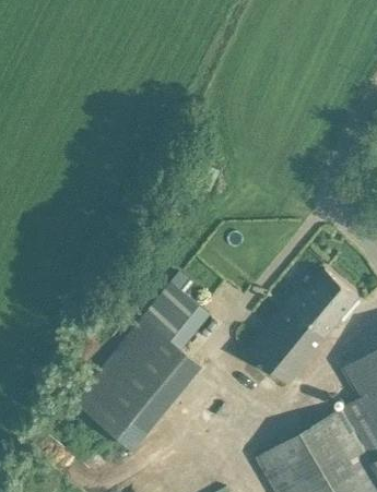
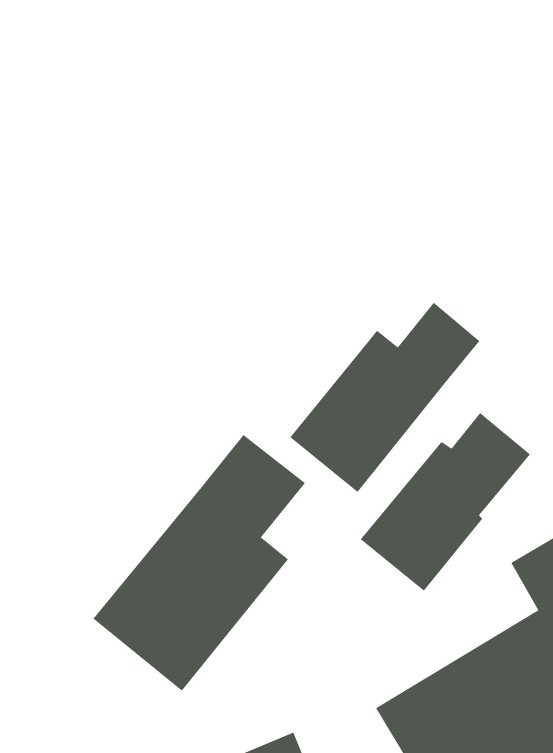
building: none -> [289,302,480,493]

